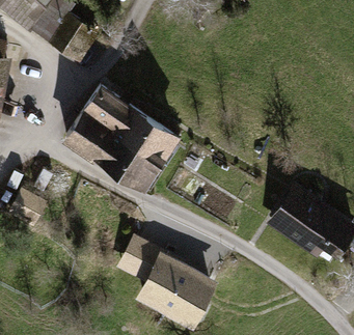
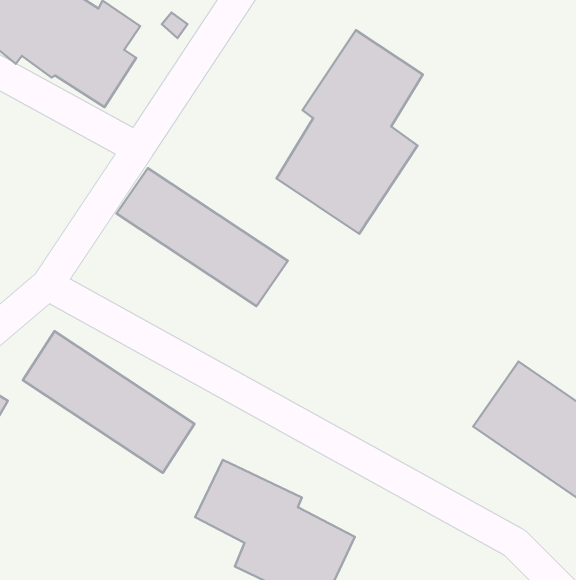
building: none -> [276,30,423,234]
building: [67,114,158,189] -> [23,331,194,473]

